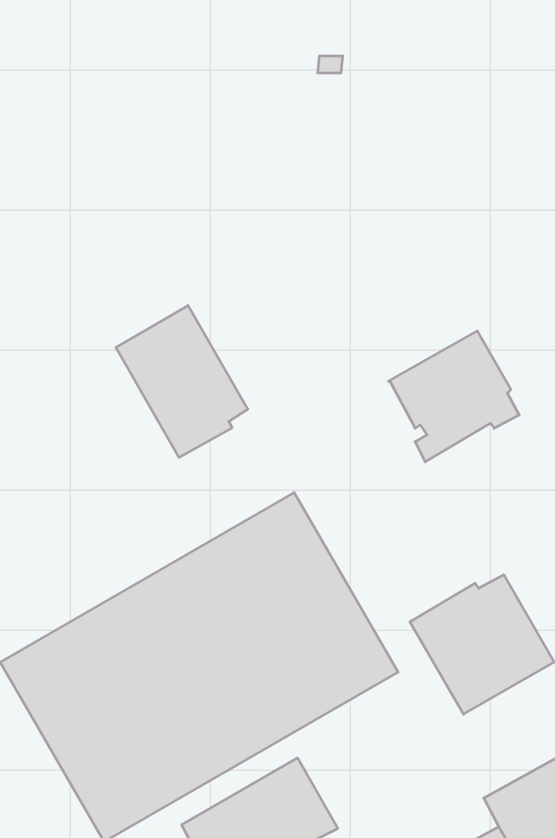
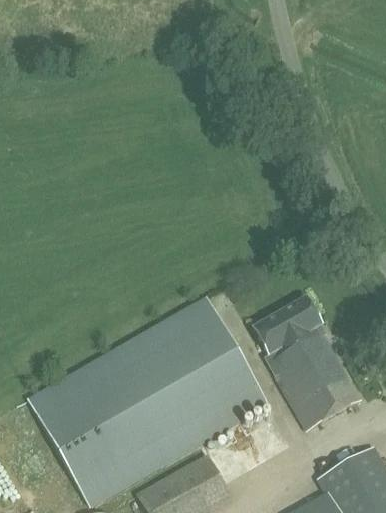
building: [116,305,248,457] -> none
building: [388,331,519,462] -> [252,296,330,374]

